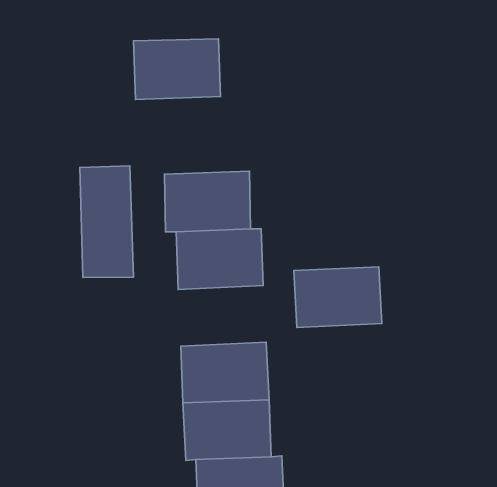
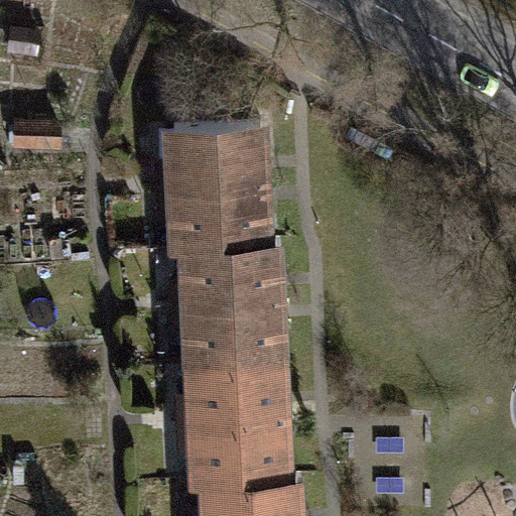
building: [133,39,220,99] -> [170,130,260,192]
building: [80,166,134,278] -> none
building: [294,267,382,327] -> [186,307,277,370]

